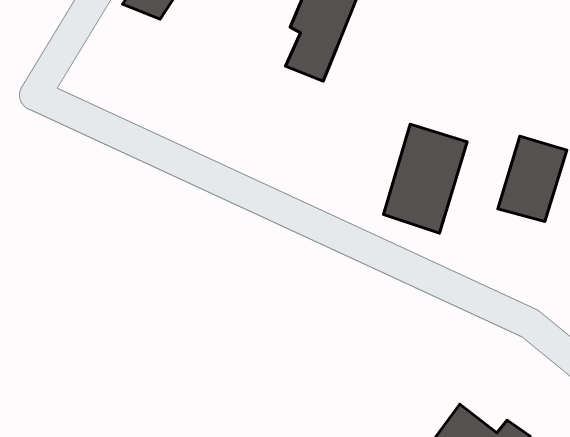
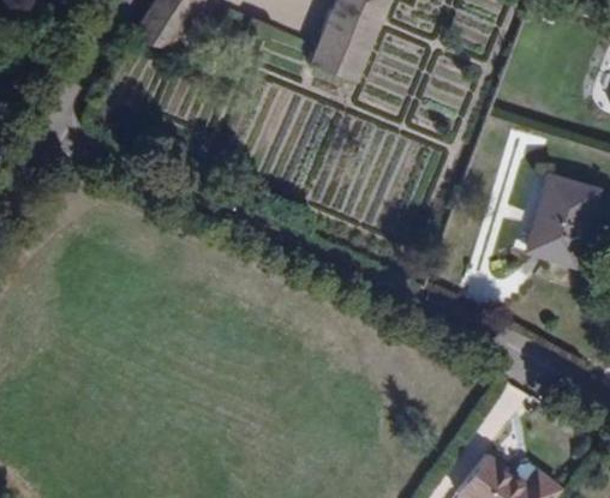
building: [383,124,467,233] -> none

